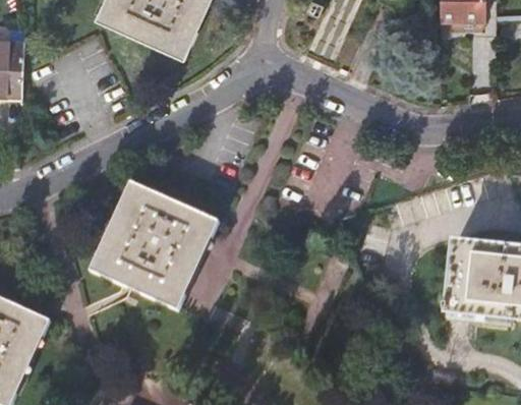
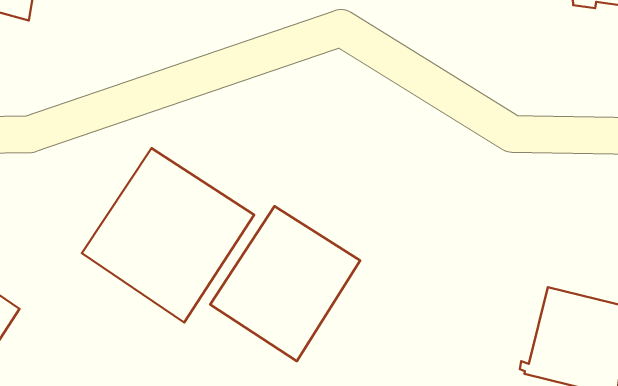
building: none -> [210,206,360,361]

